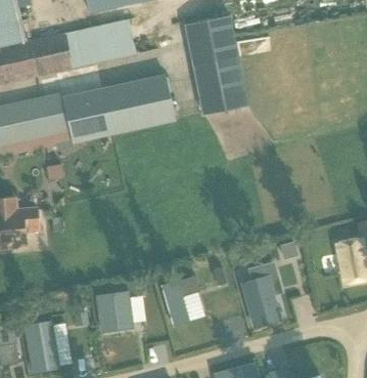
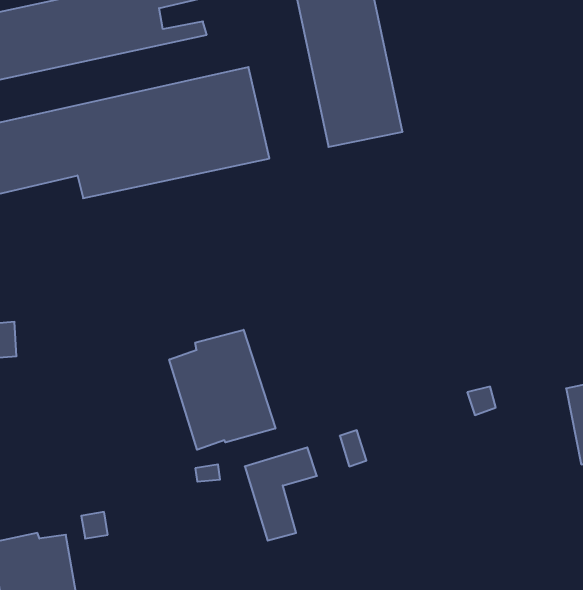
building: none -> [169,330,275,450]
building: [242,276,278,326] -> none
building: [98,292,131,331] -> none

